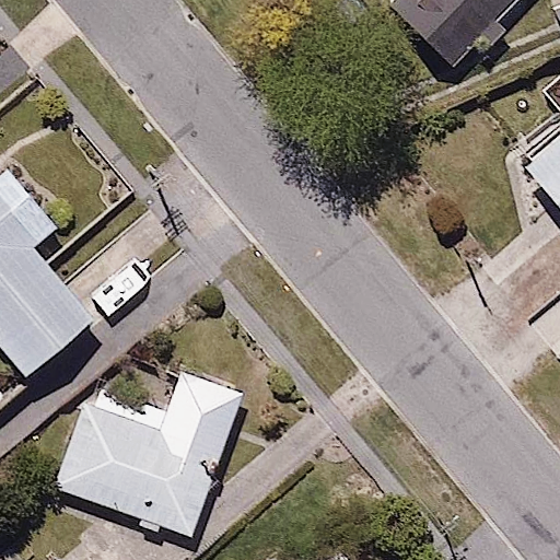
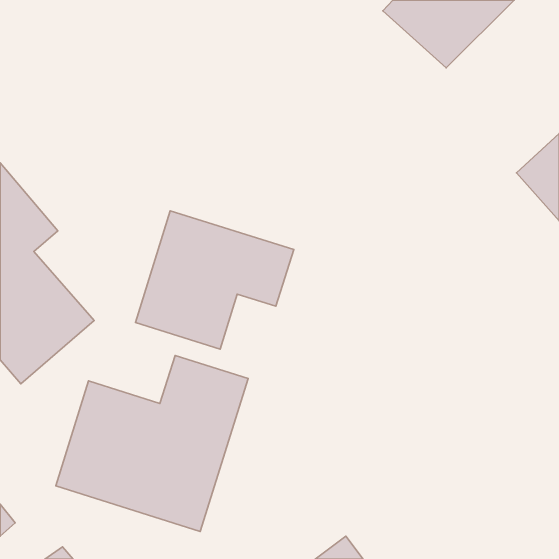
building: none -> [136,211,294,349]

